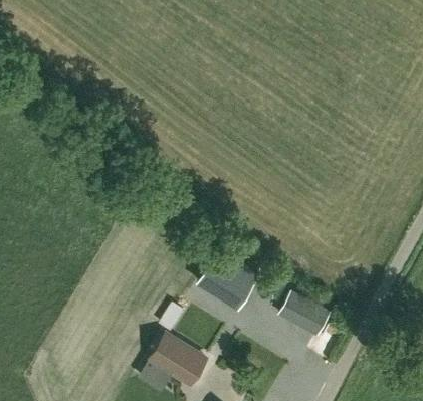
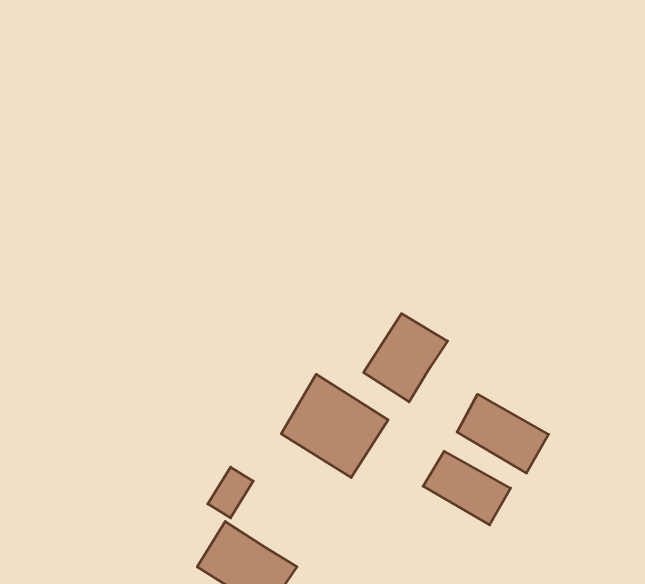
building: none -> [364,314,448,402]
building: none -> [457,394,549,473]

